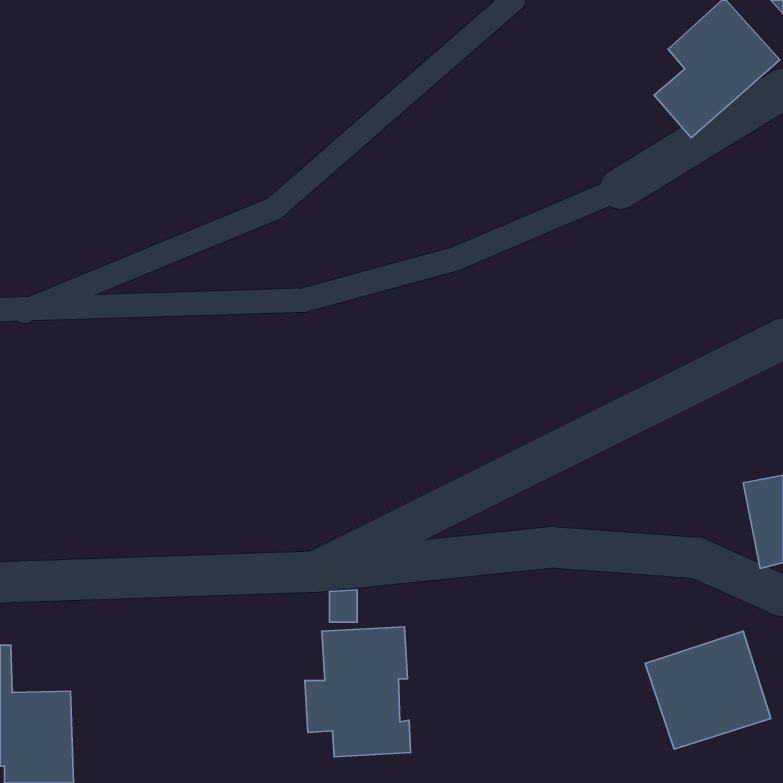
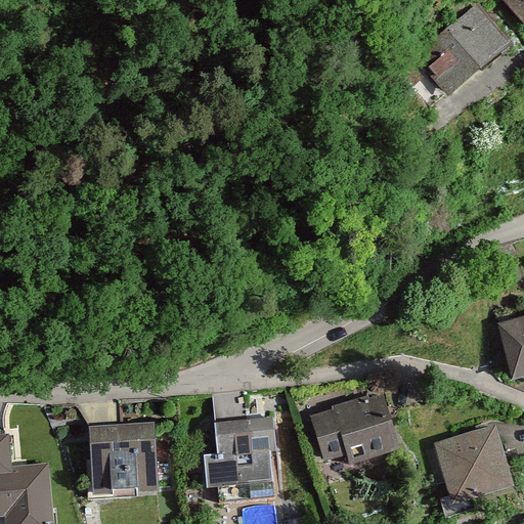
building: none -> [308,392,396,462]
building: none -> [86,422,151,490]

